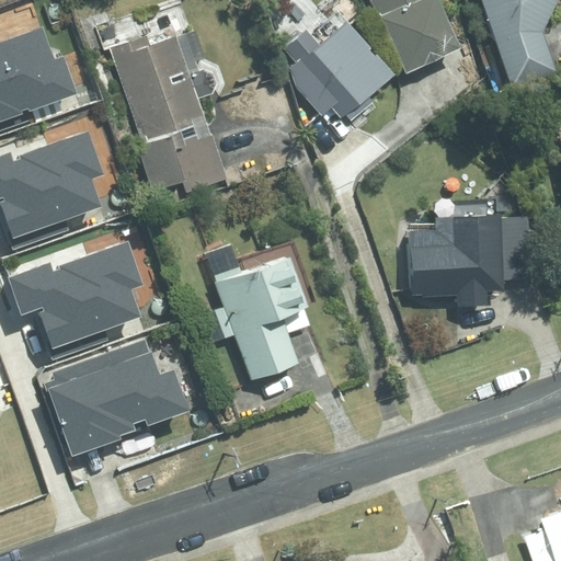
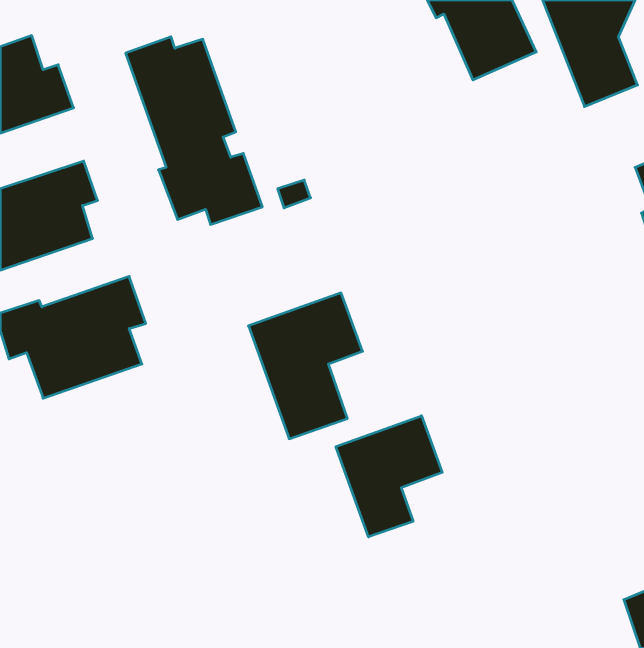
building: [286,26,394,118] -> none
building: [412,217,529,306] -> none
building: [36,348,176,449] -> none
building: none -> [336,416,442,537]

